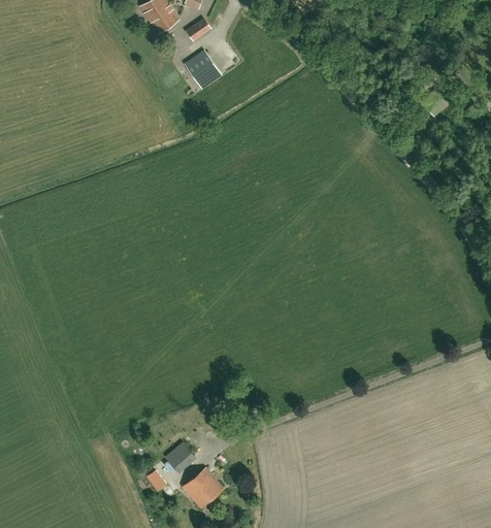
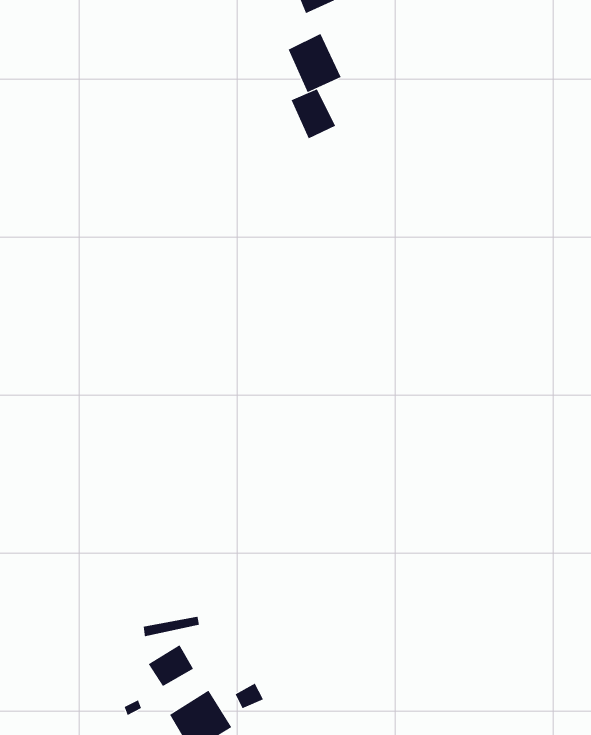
building: none -> [291,89,336,139]

